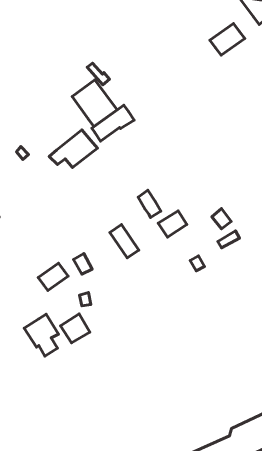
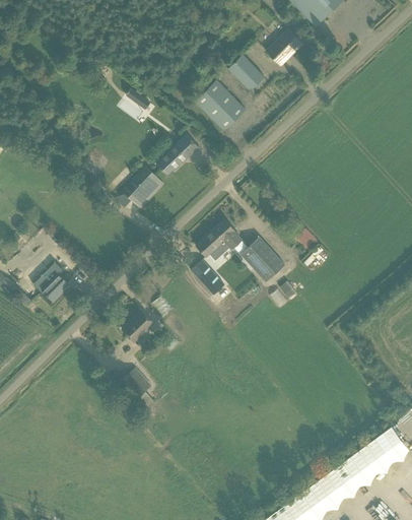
building: none -> [228,54,264,90]
building: [72,80,117,127] -> [196,80,246,130]
building: none -> [196,229,229,258]
building: none -> [253,250,284,281]
building: [61,314,90,343] -> none

